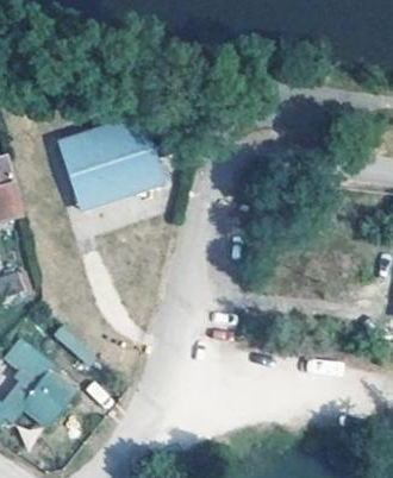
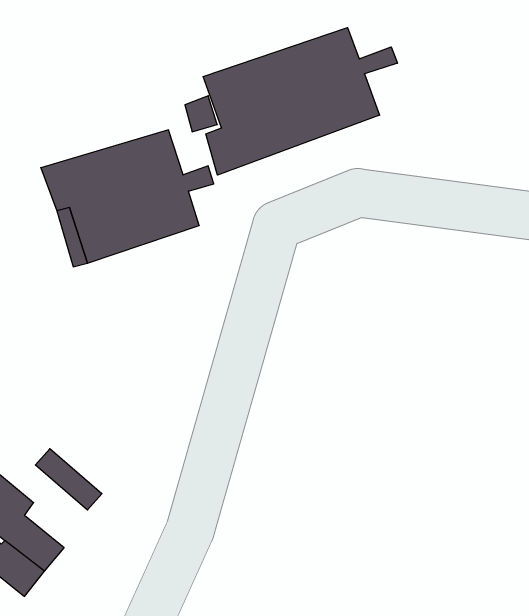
building: none -> [203,28,397,175]

